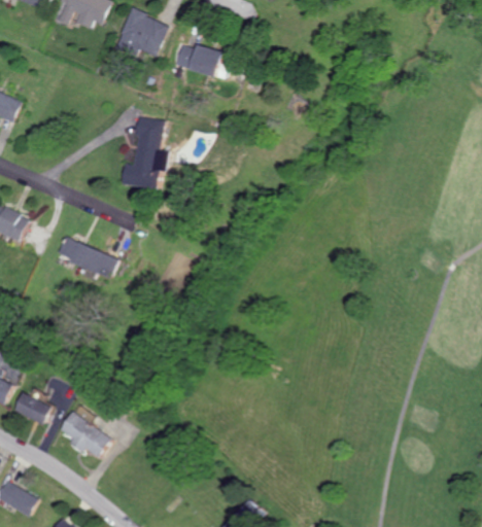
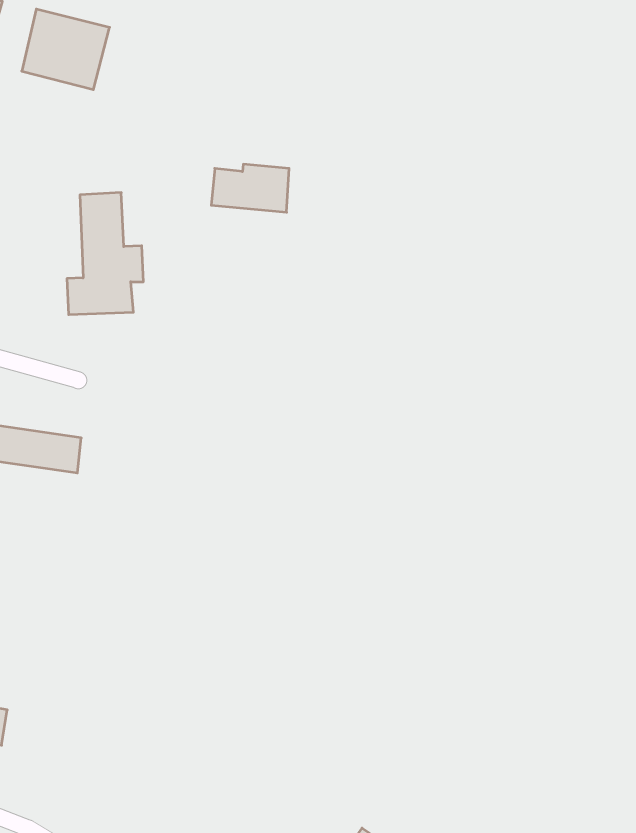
building: [173,45,220,76] -> [211,164,289,212]
building: [62,412,112,457] -> none

